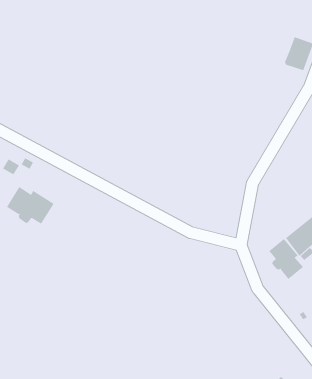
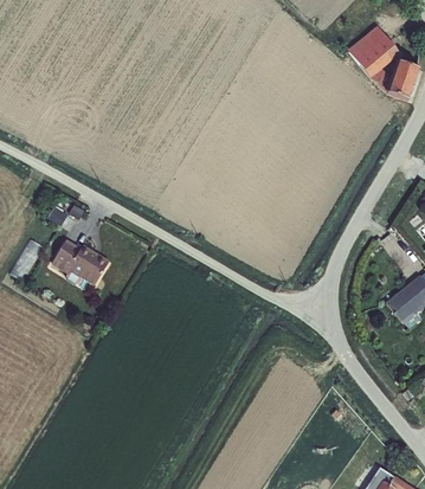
building: none -> [348,24,400,89]
building: [269,238,304,280] -> none

